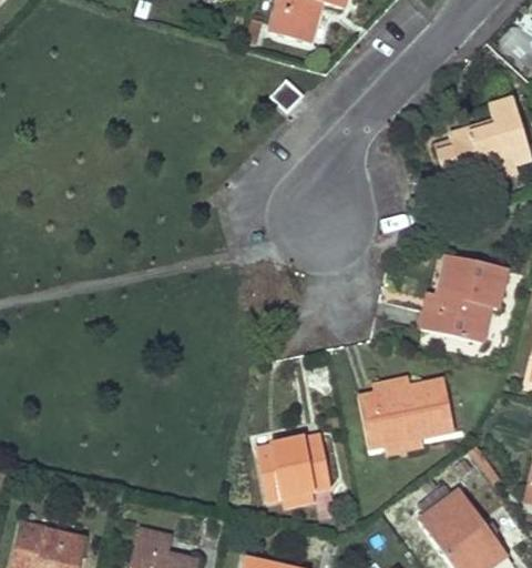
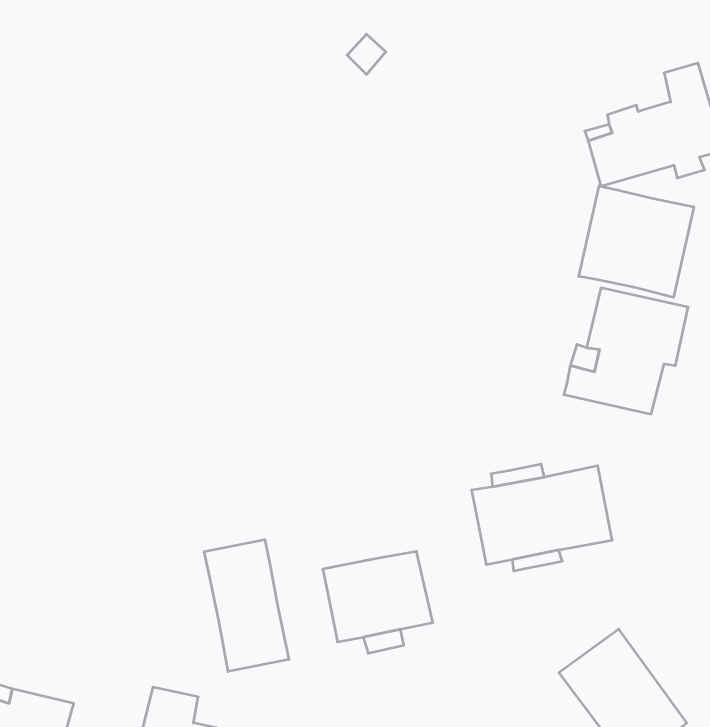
building: none -> [579,186,694,297]
building: none -> [204,540,289,672]

